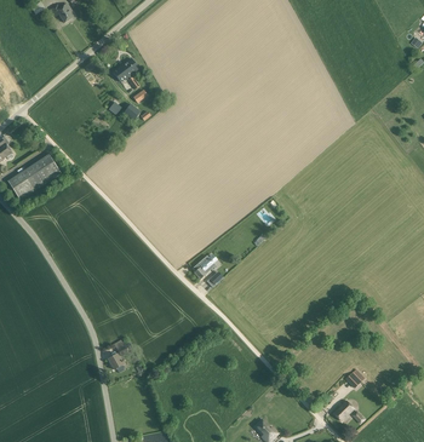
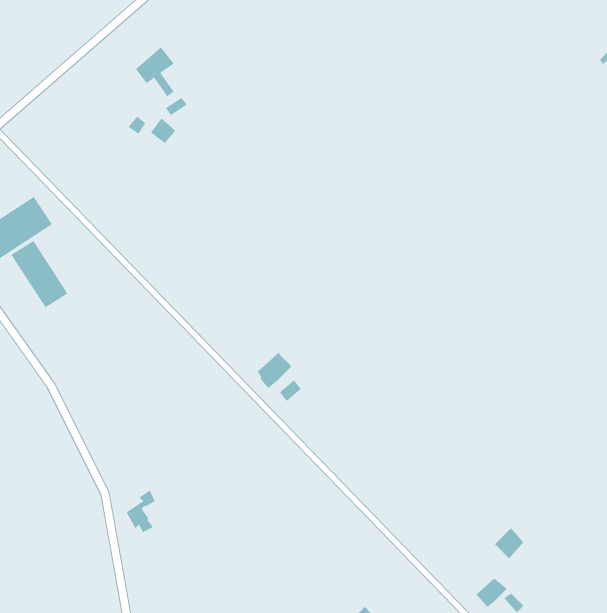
building: none -> [11,240,68,308]

